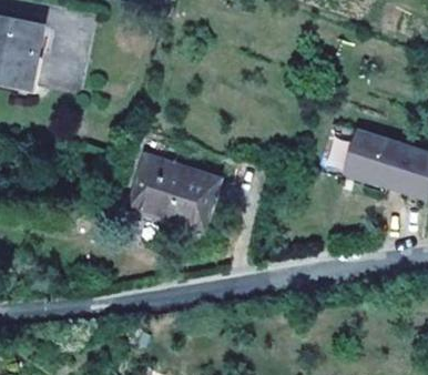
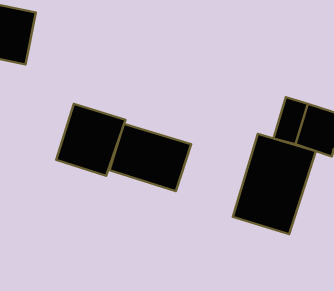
building: none -> [56,104,125,176]
building: none -> [233,134,316,234]

